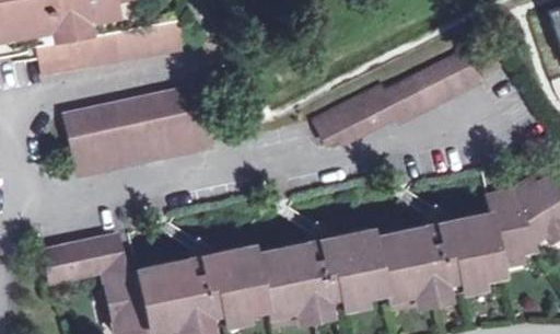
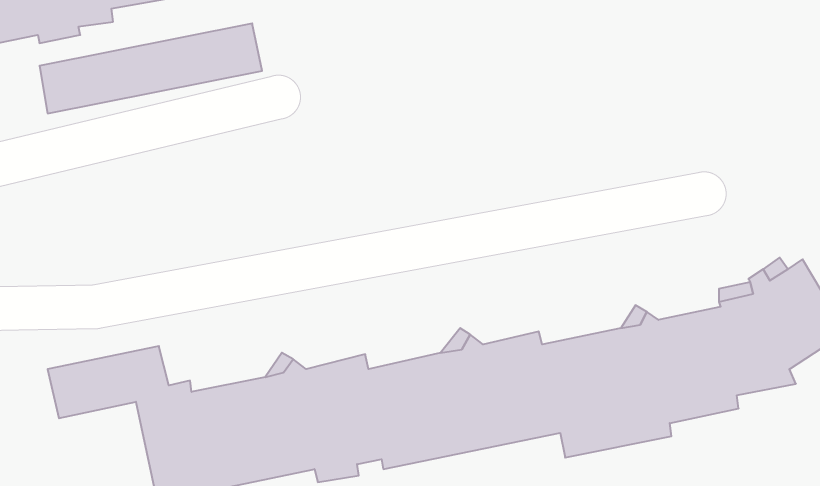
building: [313,54,479,148] -> none
building: [66,91,209,175] -> none

